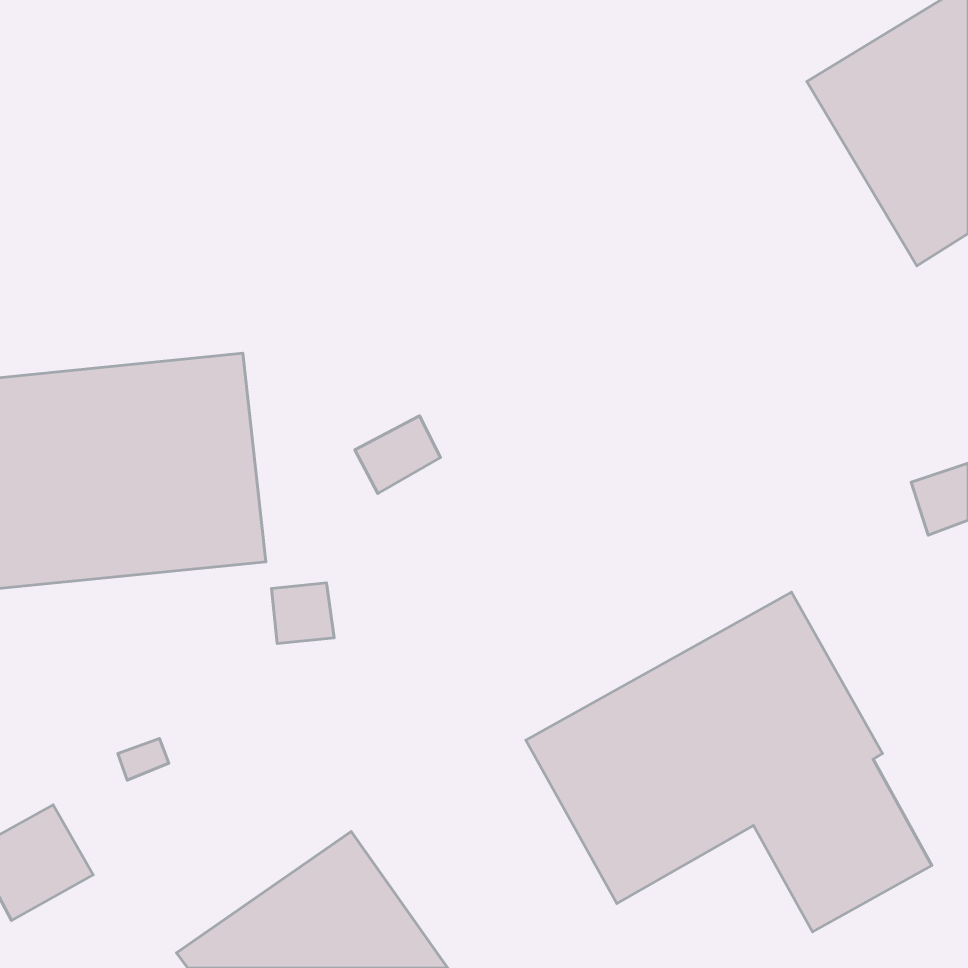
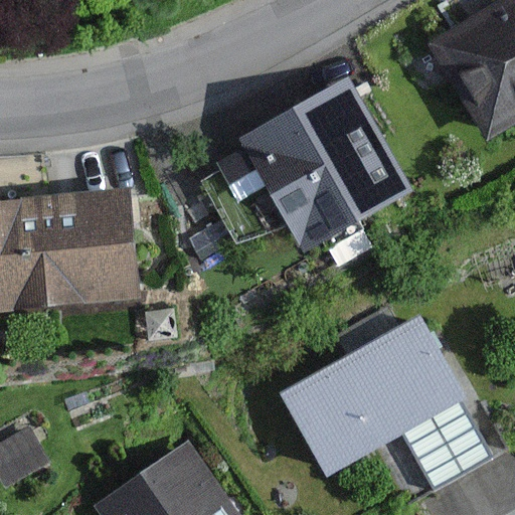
building: none -> [218,75,413,266]

